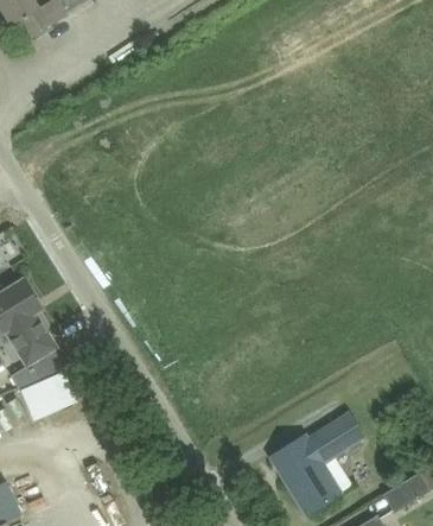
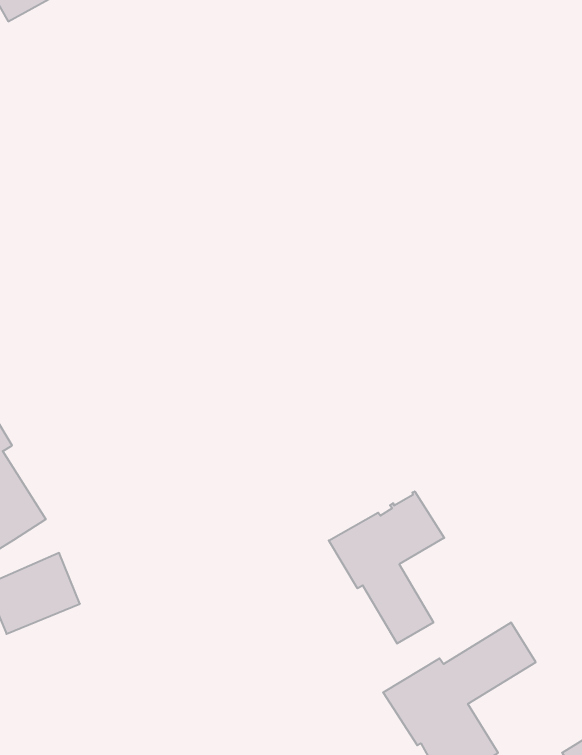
building: none -> [329,491,444,644]

